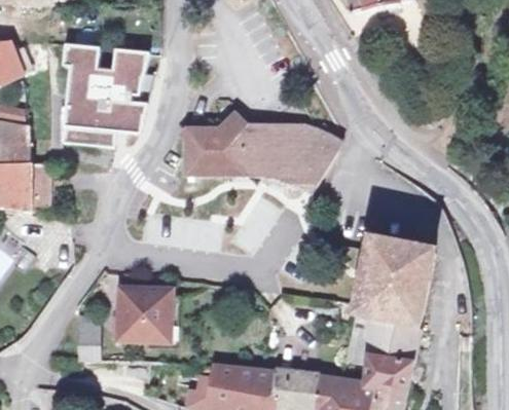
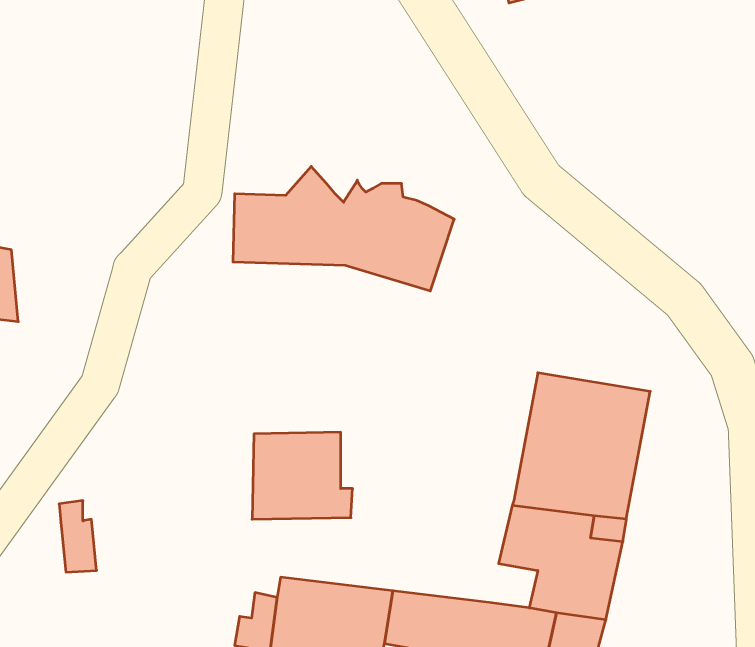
building: [60,36,155,145] -> none
building: [294,122,338,194] -> none
building: [118,286,179,338] -> [252,432,353,519]

